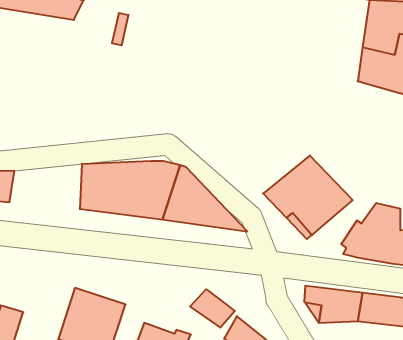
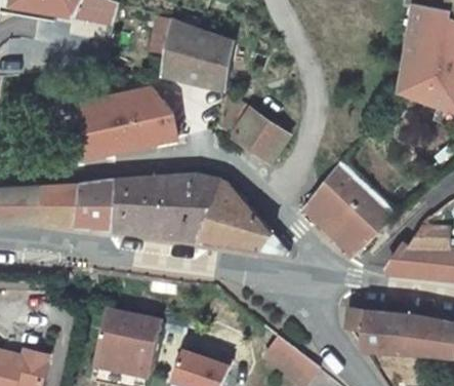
building: none -> [168,24,234,91]
building: none -> [79,84,178,155]
building: none -> [217,98,291,162]
building: none -> [37,180,113,227]
building: [190,289,235,328] -> none

